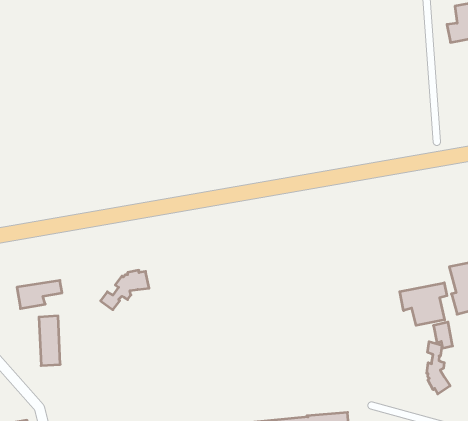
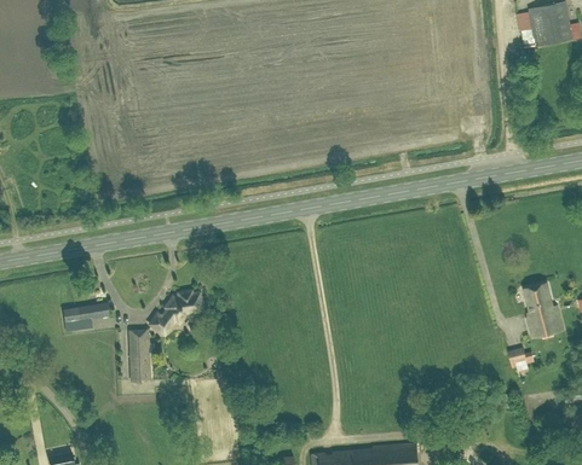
building: [400,283,447,325] -> none
building: [39,316,60,366] -> [127,329,150,382]
building: [427,342,450,394] -> none

